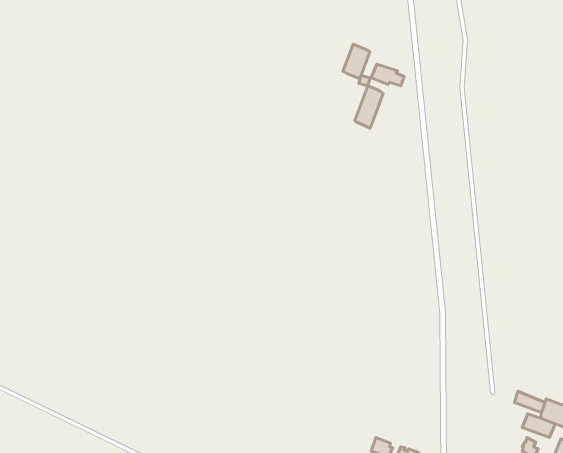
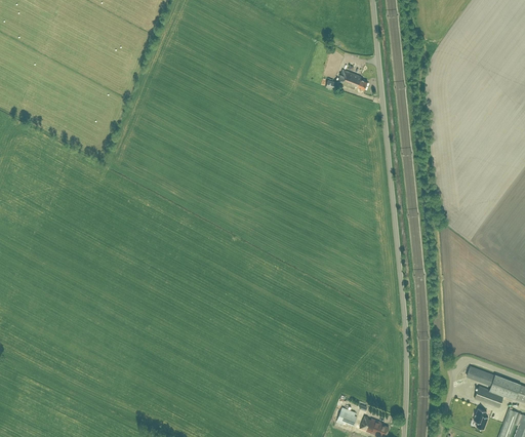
building: [343,44,370,79] -> none
building: [355,86,383,128] -> none

